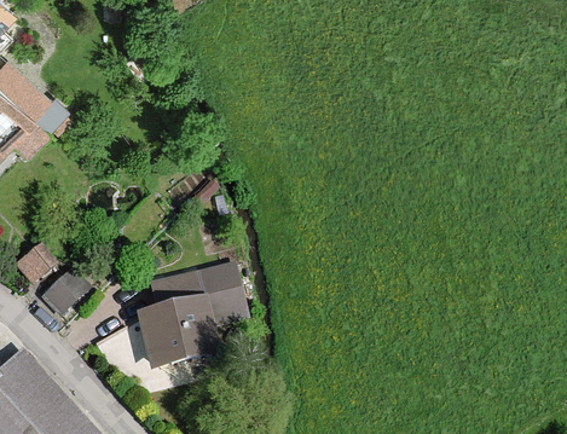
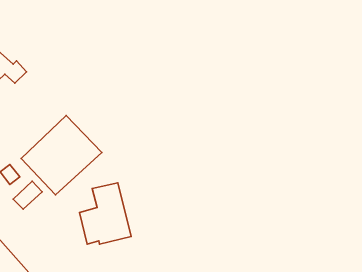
building: none -> [21,115,102,195]
building: [209,265,244,317] -> none

